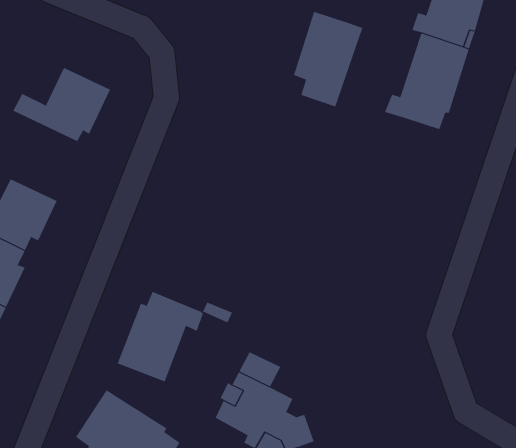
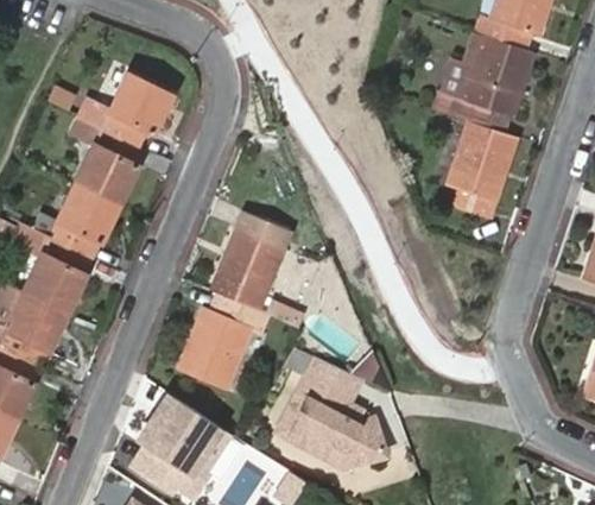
building: [293,11,363,107] -> [447,121,517,217]
building: none -> [68,114,140,204]
building: none -> [208,213,289,313]

